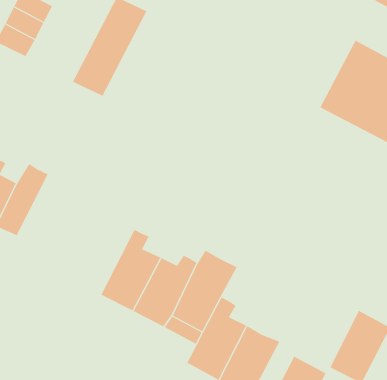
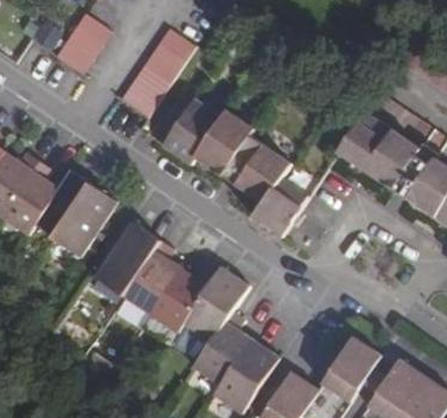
building: none -> [161,98,307,237]
building: none -> [51,182,115,257]
building: none -> [94,221,159,296]

